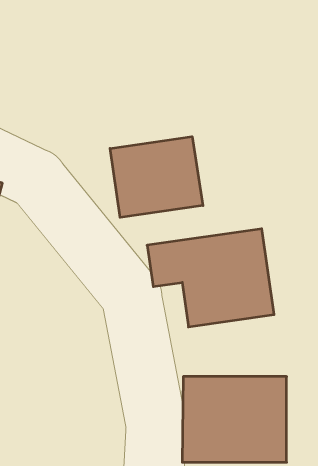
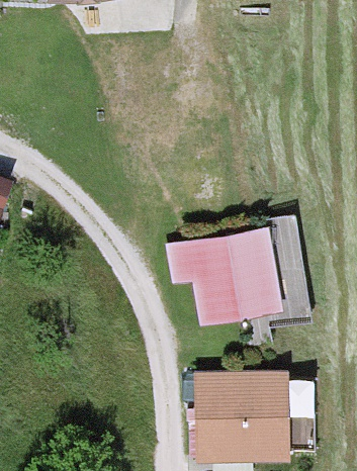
building: [110,137,203,217] -> none

